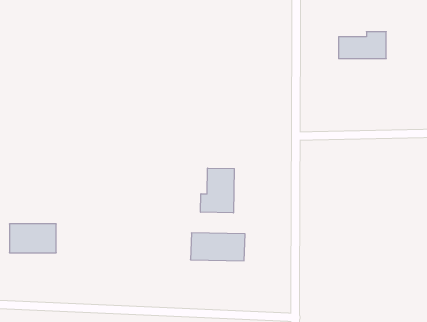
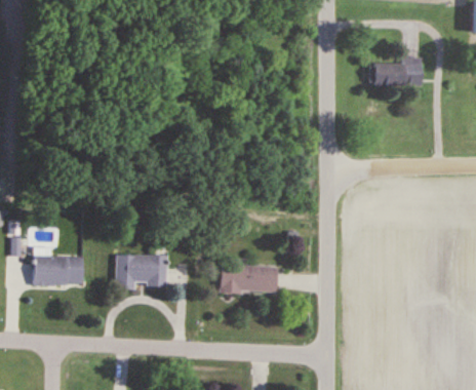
building: [201,168,234,213] -> none
building: none -> [115,255,166,289]

